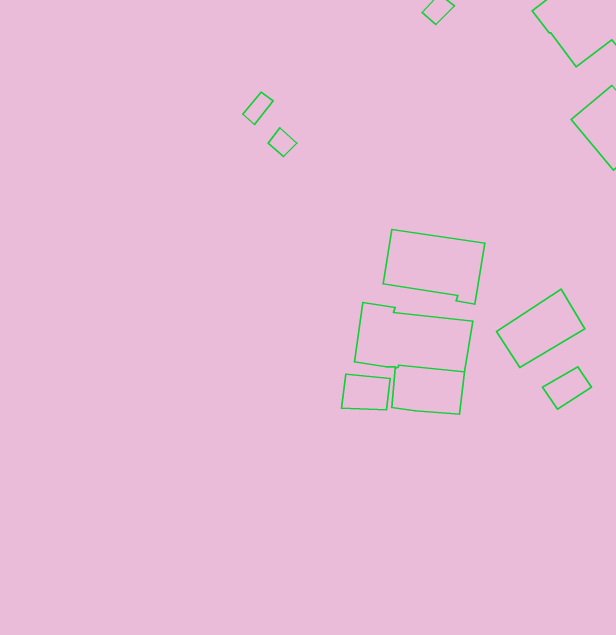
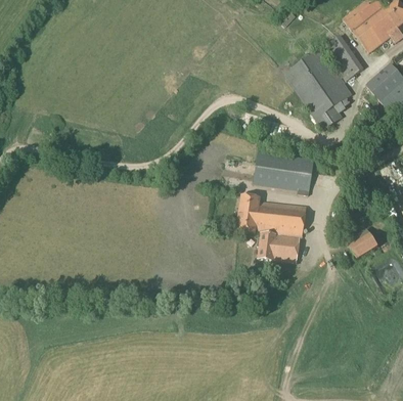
building: none -> [282,34,363,131]
building: [496,289,585,368] -> none
building: [342,374,390,410] -> none

